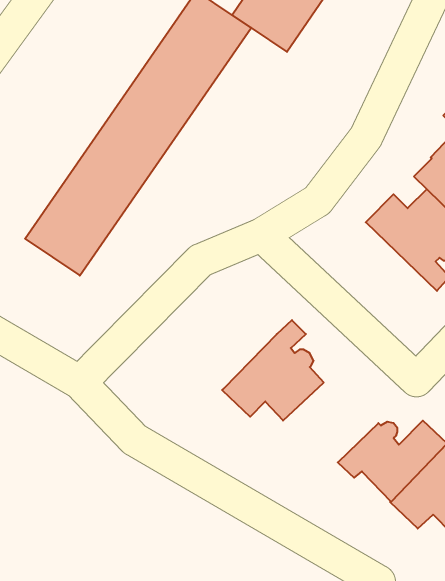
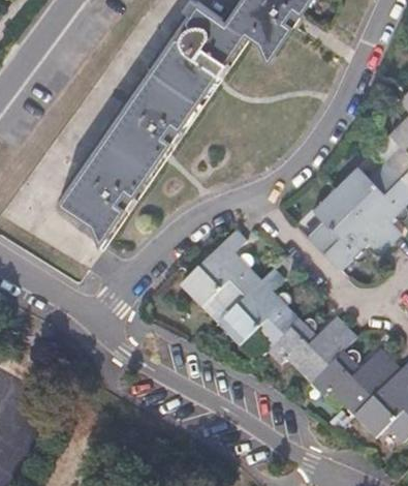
building: none -> [309,189,393,272]
building: none -> [180,231,262,325]
building: none -> [268,317,359,385]

